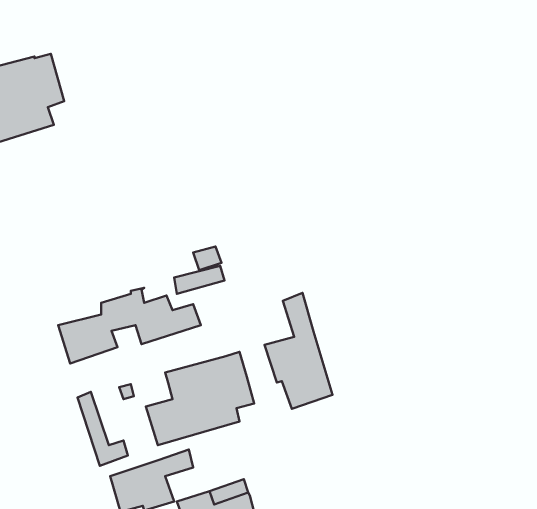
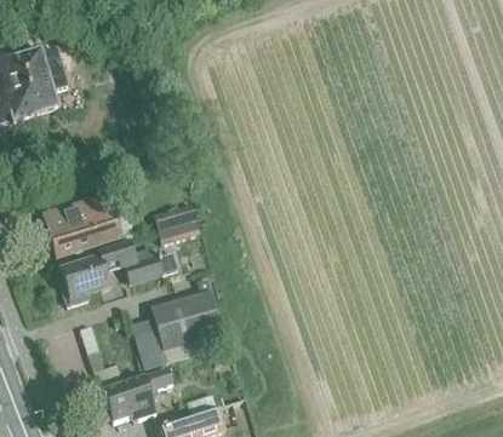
building: none -> [42,196,133,257]
building: [265,293,332,409] -> none

